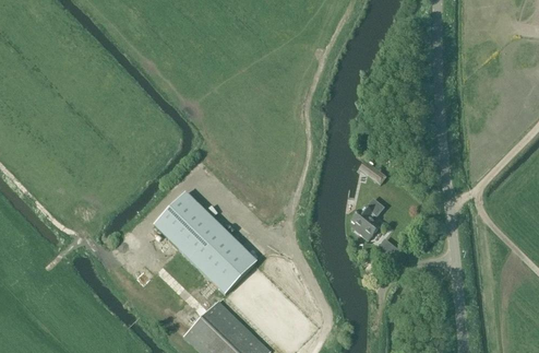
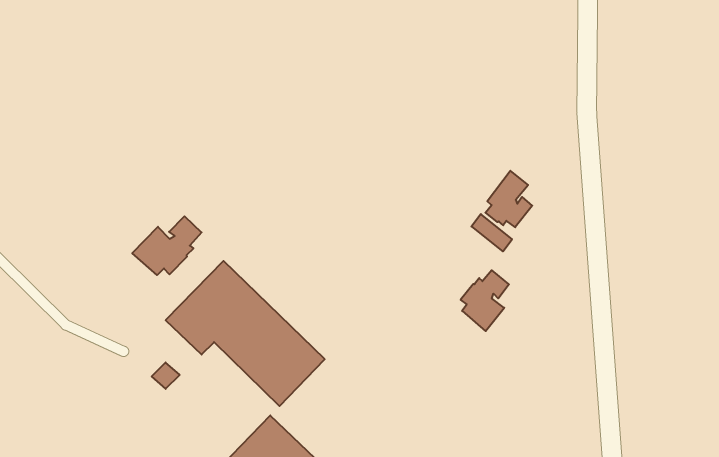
building: none -> [485,171,532,227]
building: none -> [132,216,202,275]

